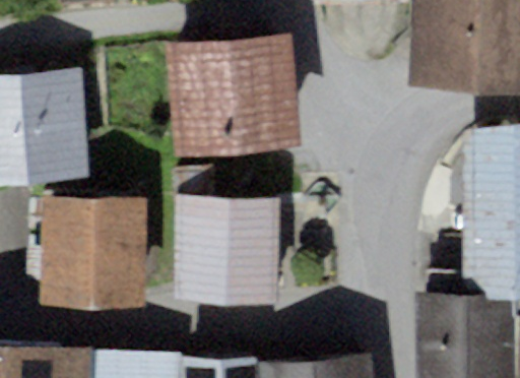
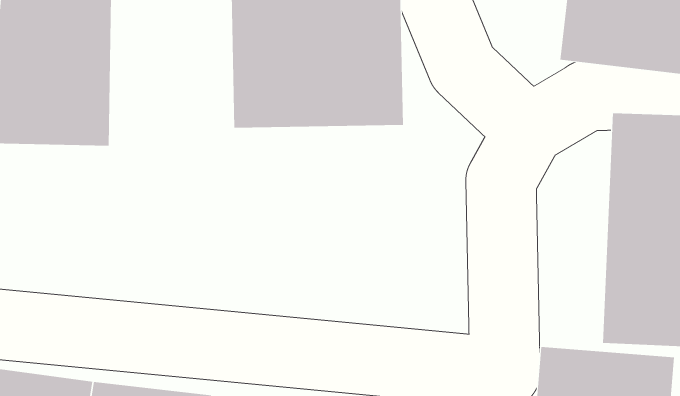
building: [178,196,277,303] -> none
building: [44,199,150,304] -> none

